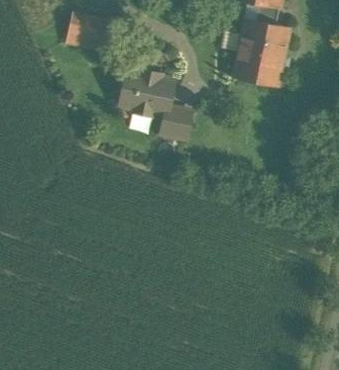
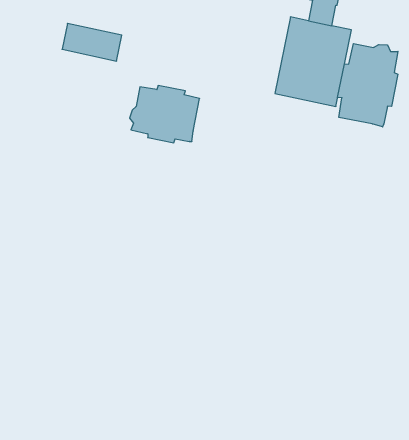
building: none -> [338,44,398,127]
building: [161,103,192,135] -> none

